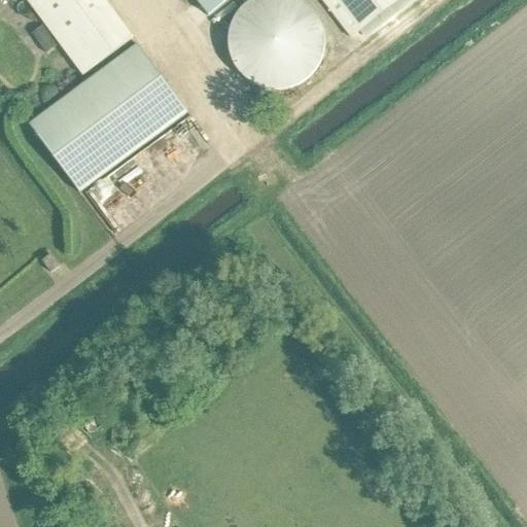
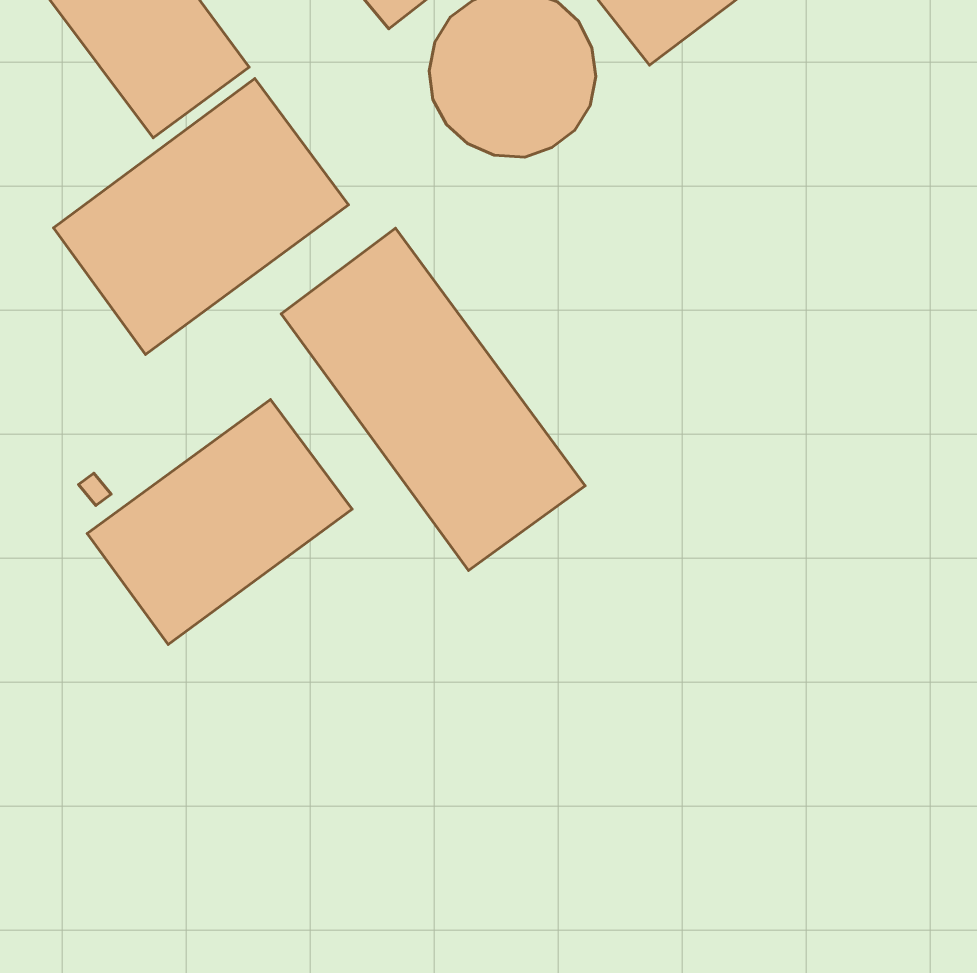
building: none -> [281,228,585,570]
building: none -> [87,400,352,644]

